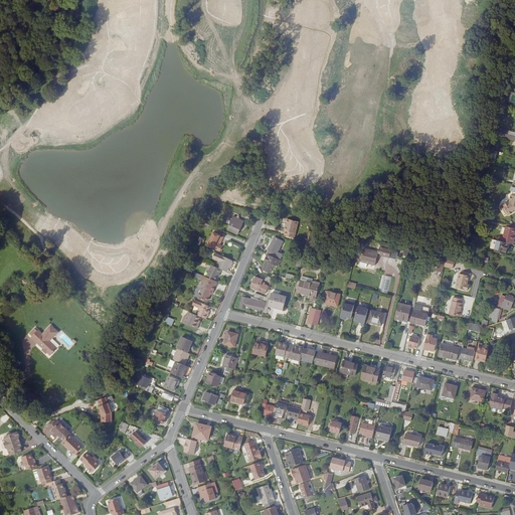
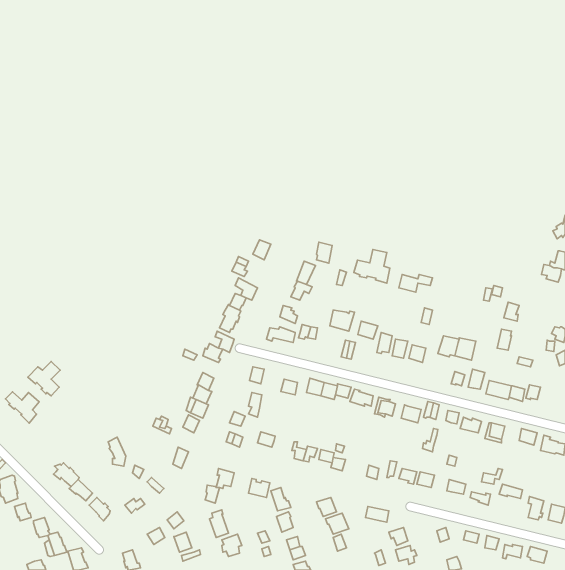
building: none -> [354,250,390,283]
building: none -> [6,392,39,423]

